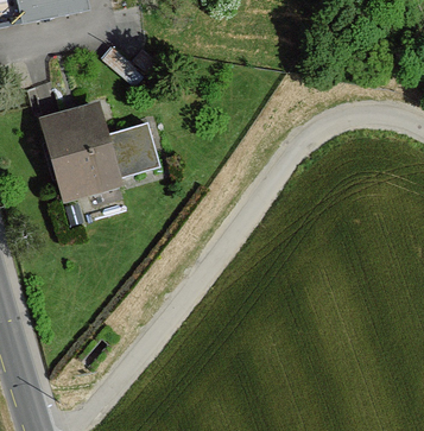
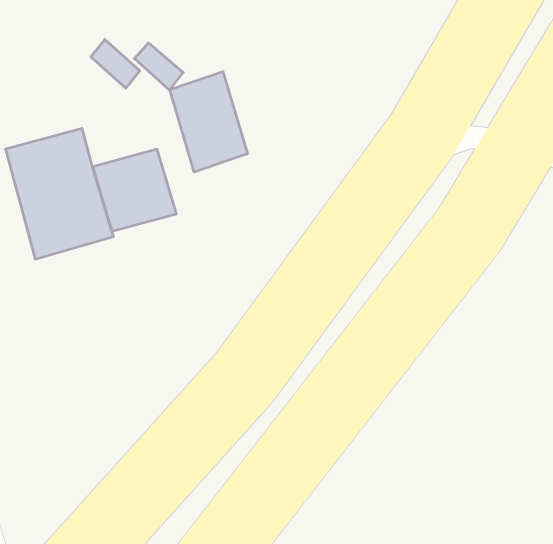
building: none -> [170,72,247,172]

